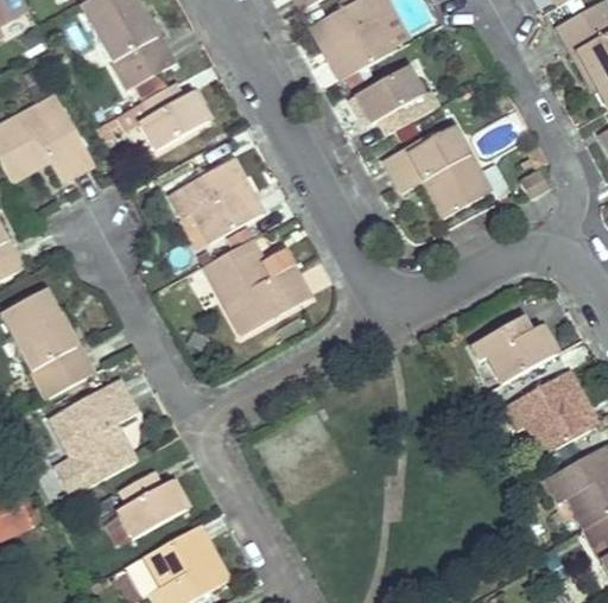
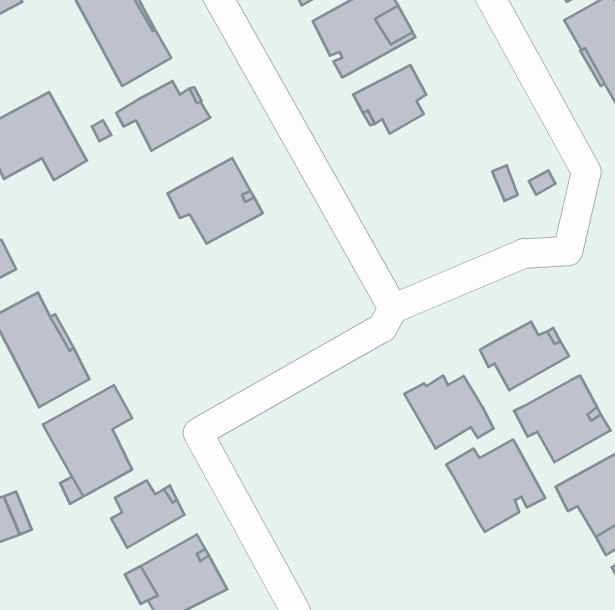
building: [385,121,492,218] -> none
building: [202,239,309,335] -> none
building: none -> [404,376,494,449]
building: none -> [446,440,545,532]

